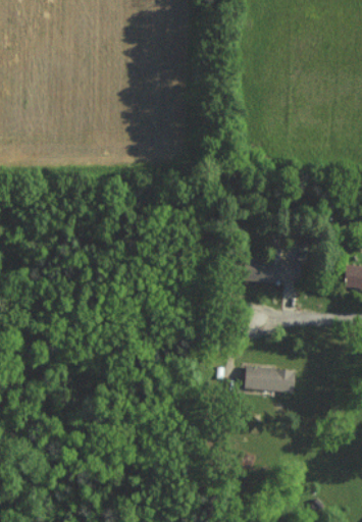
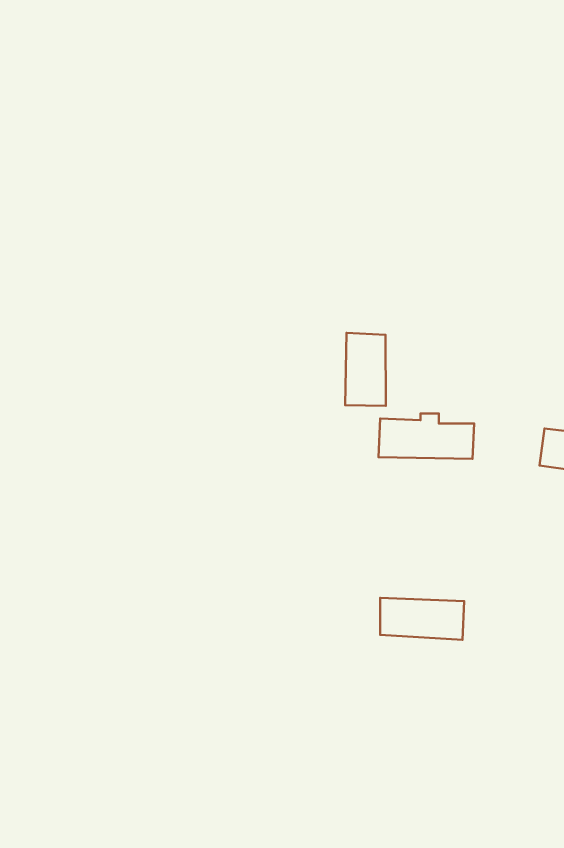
building: none -> [345,333,386,406]

